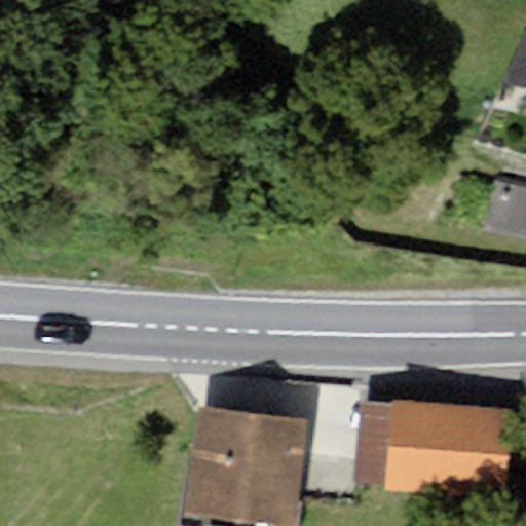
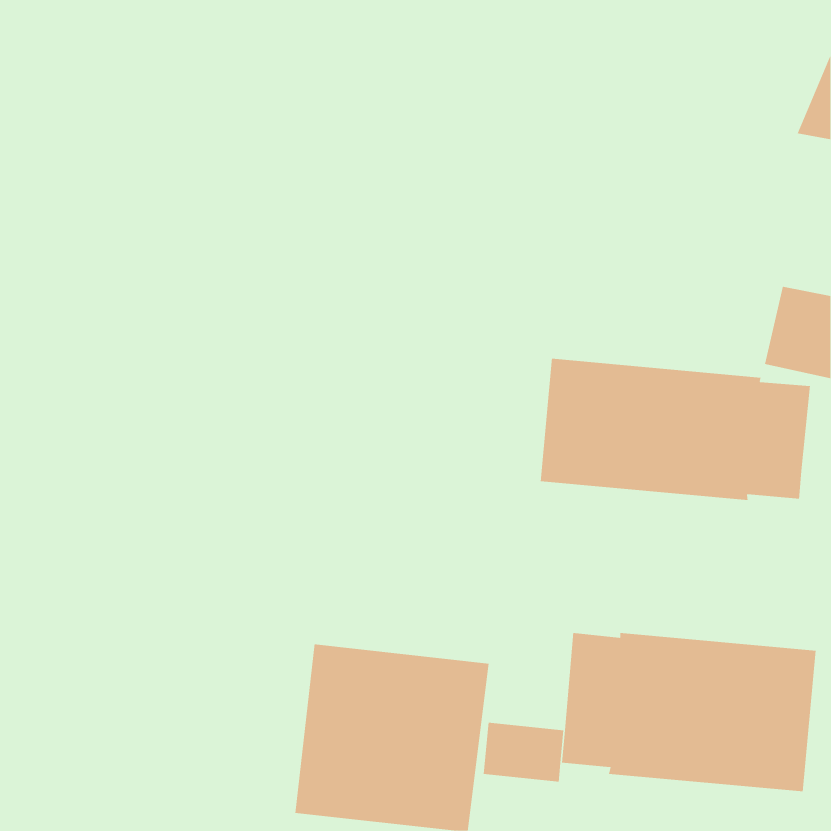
building: none -> [540,358,811,501]

